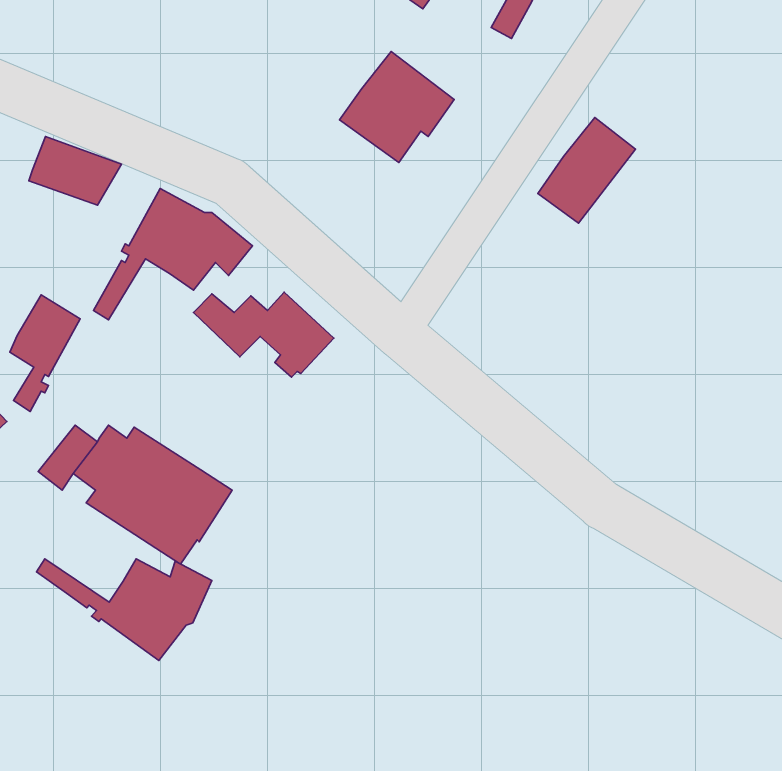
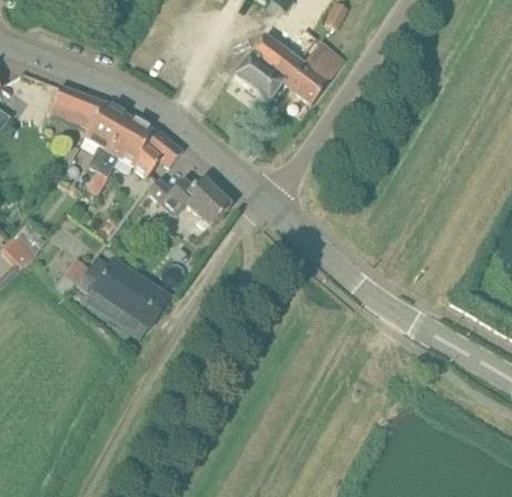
building: [538,118,636,223] -> [287,39,345,102]
building: [10,295,80,412] -> [86,101,127,170]
building: [36,559,212,661] -> none

